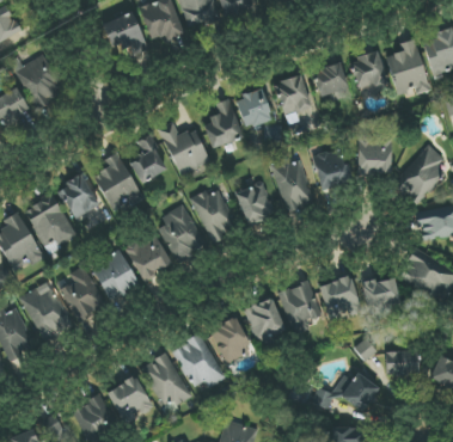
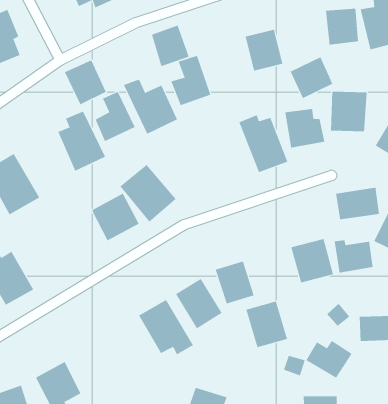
building: [311,59,353,99] -> [290,57,333,99]
building: [235,88,273,129] -> [151,25,189,67]
building: none -> [64,59,106,105]
building: [57,173,100,219] -> none
building: [234,182,275,225] -> none
building: [192,191,235,240] -> none
building: none -> [336,187,379,220]
building: [91,251,140,300] -> none
building: [60,266,105,323] -> none
building: [281,281,322,326] -> [246,301,288,348]
building: [143,354,190,411] -> none
building: [106,375,154,424] -> none

